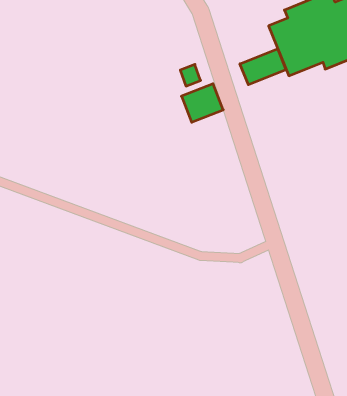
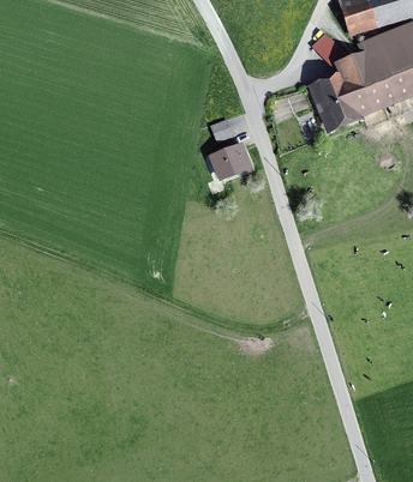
building: [240,49,286,85] -> none

